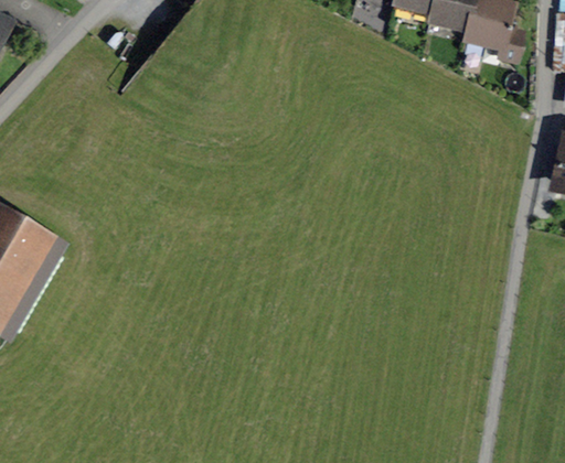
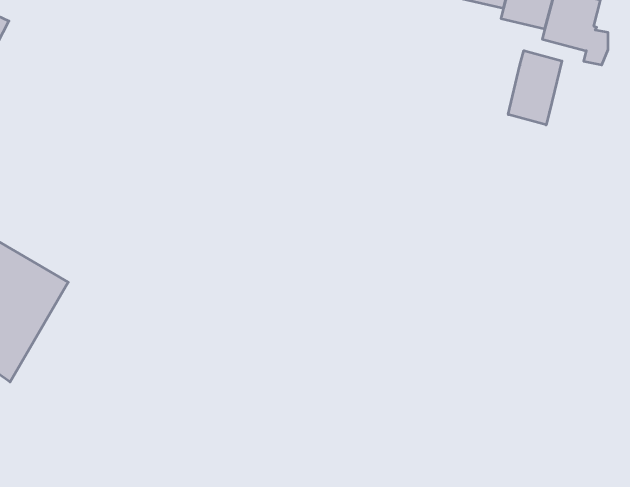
building: none -> [508,51,562,125]

